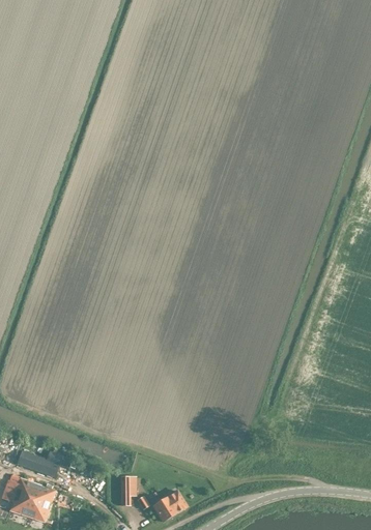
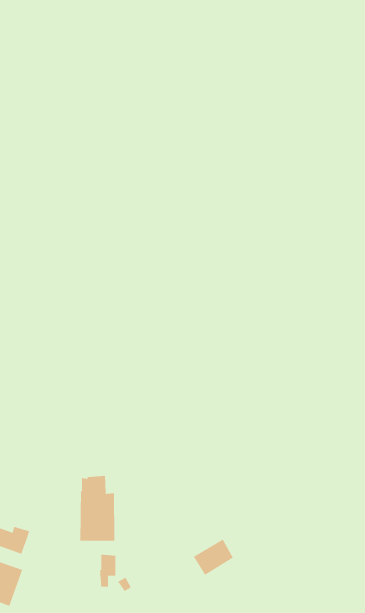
building: none -> [80,475,115,541]
building: [152,491,188,523] -> [193,538,234,576]

